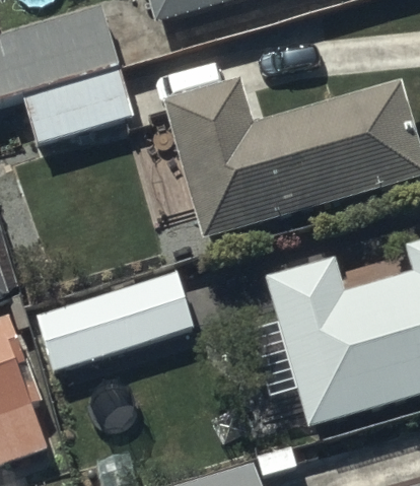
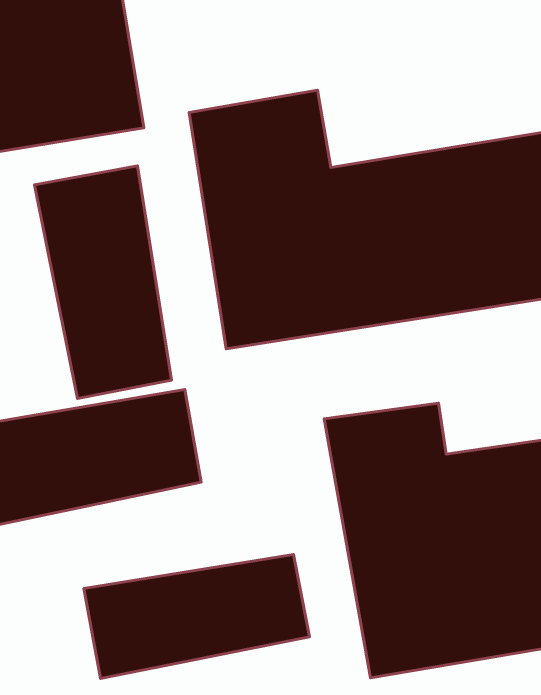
building: none -> [34,166,171,398]
building: none -> [84,555,310,679]

